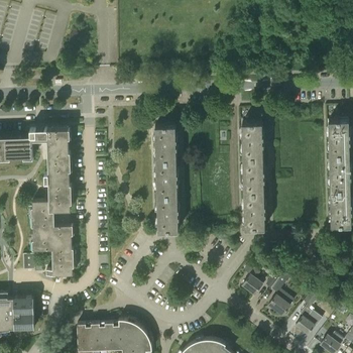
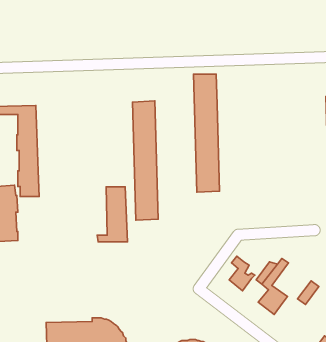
building: [241,124,264,230] -> [194,74,219,192]
building: [45,227,73,276] -> [97,187,127,242]
building: [295,308,322,336] -> none

